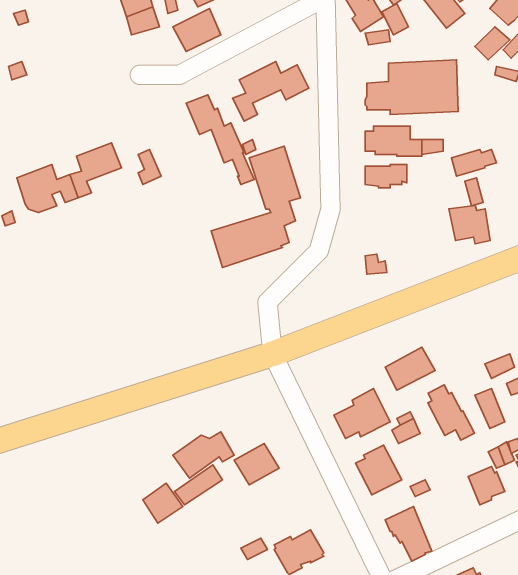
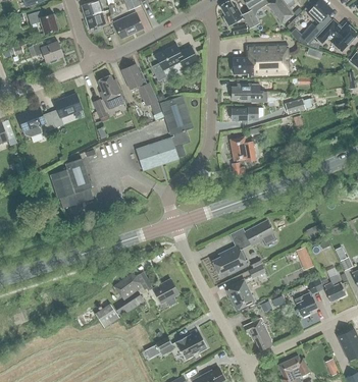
building: none -> [27,10,57,34]
building: none -> [32,41,62,63]
building: none -> [97,74,124,105]
building: [449,206,490,244] -> [229,139,255,162]
building: none -> [49,158,92,207]
building: [428,385,474,440] -> none

